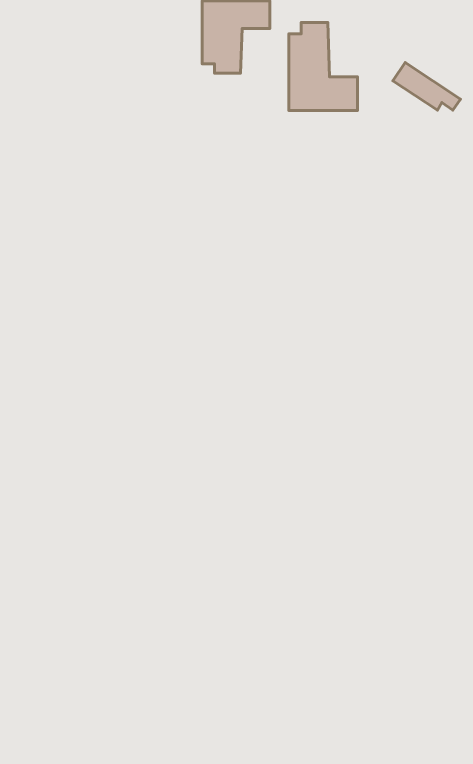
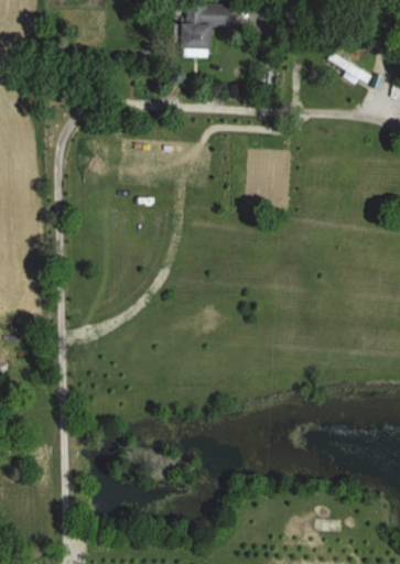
building: [289,23,357,110] -> none

